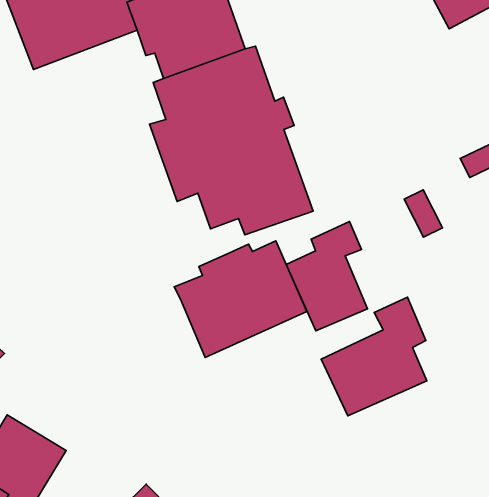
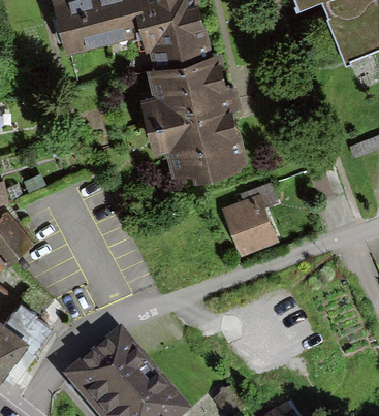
building: [174,241,307,358] -> none
building: [321,297,427,416] -> none

